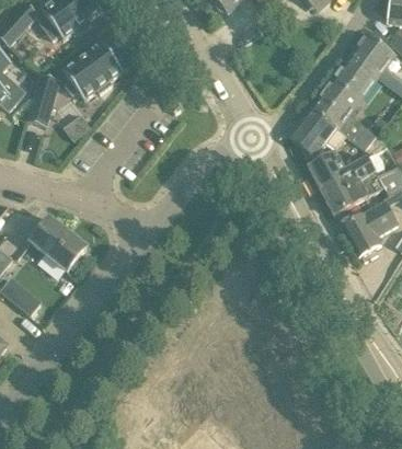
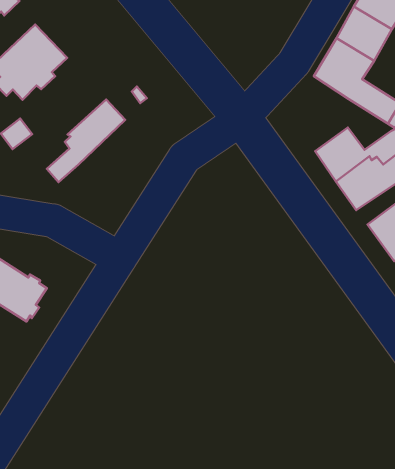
building: none -> [47,99,125,182]
building: [289,106,337,157] -> none

